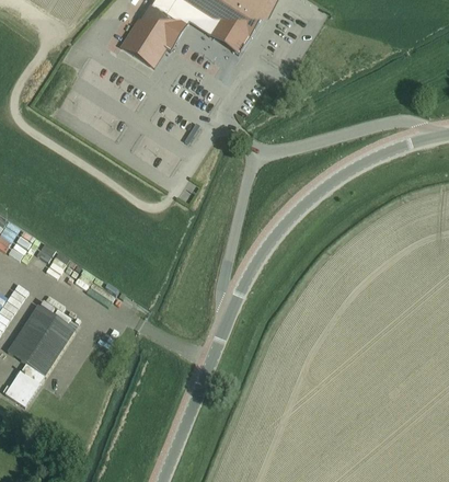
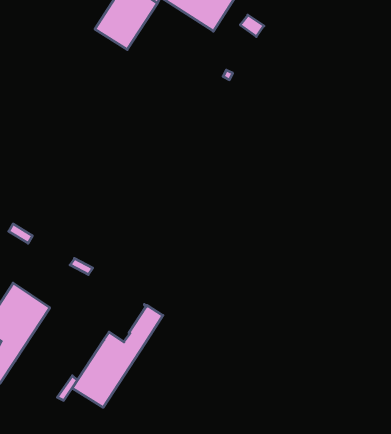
building: none -> [72,304,163,407]

